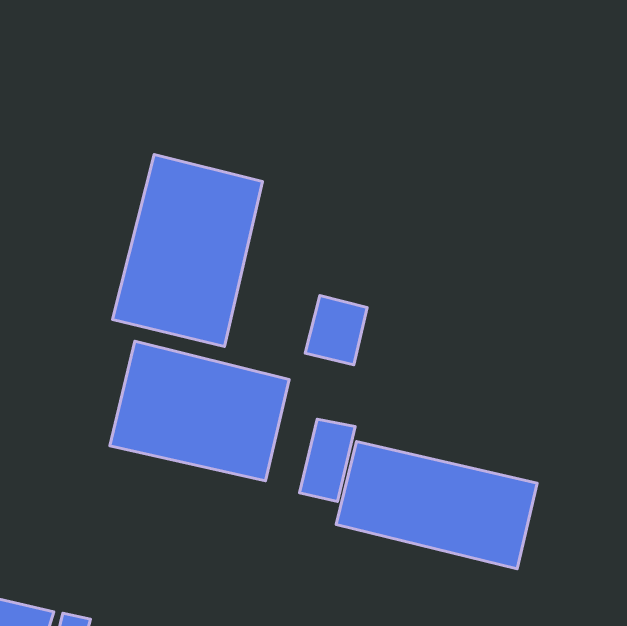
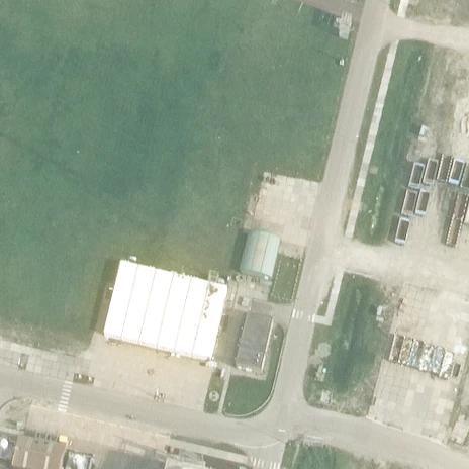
building: [113,155,263,346] -> none
building: [336,442,537,569] -> none

